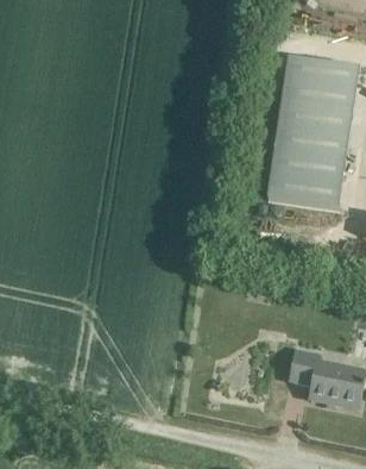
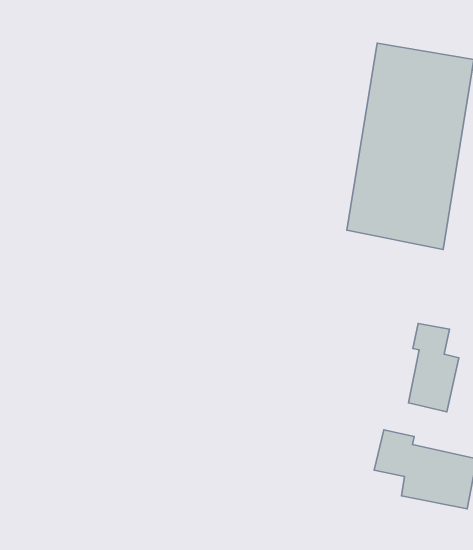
building: none -> [409,323,459,412]

